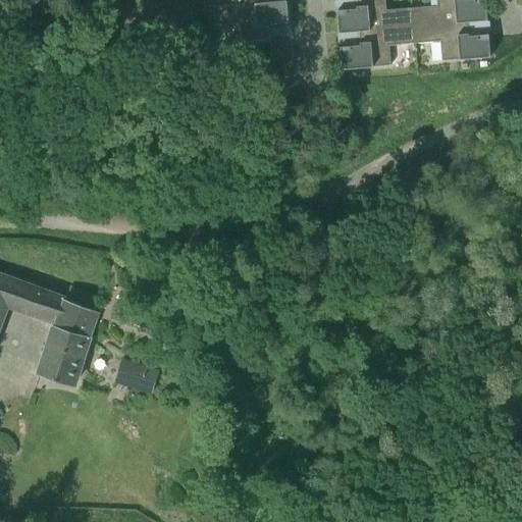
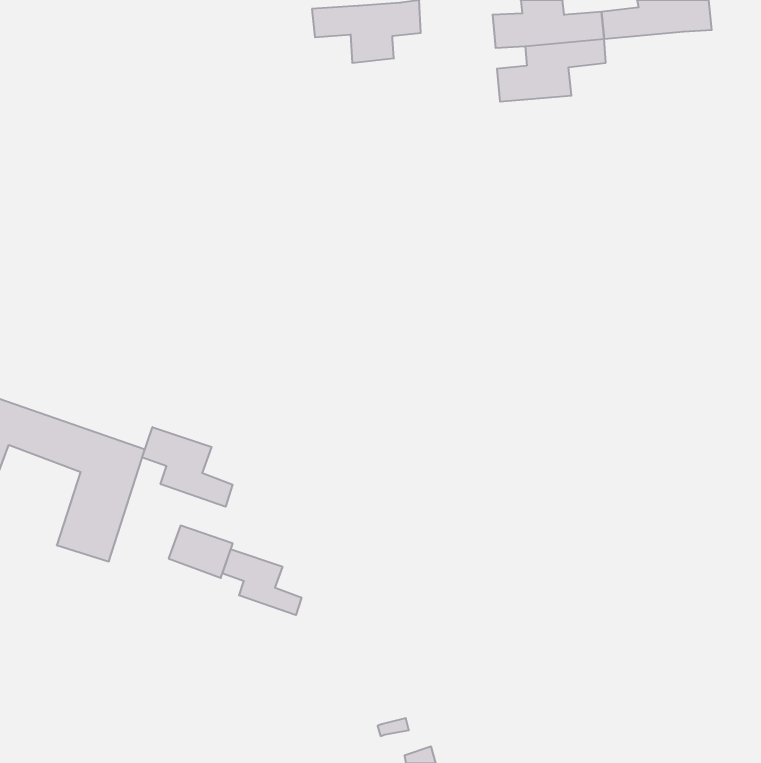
building: [413,21,489,61] -> none
building: none -> [142,427,233,507]
building: none -> [222,549,301,615]

